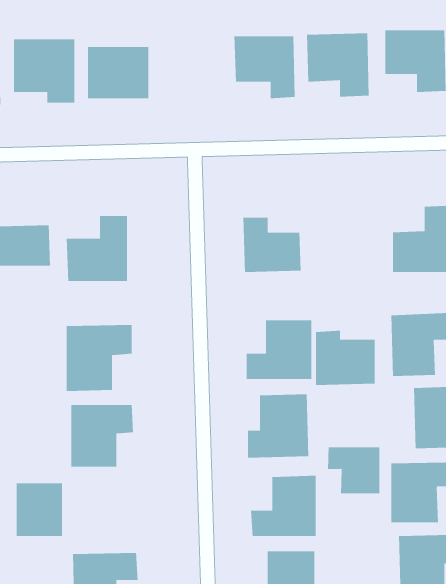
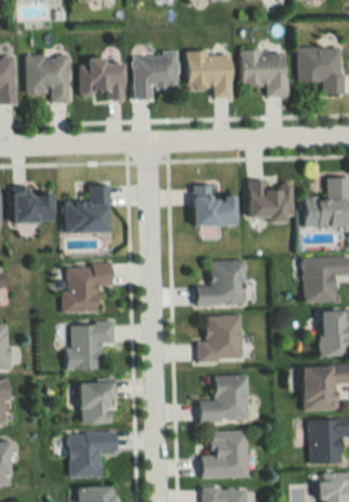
building: none -> [133,53,178,99]
building: [315,330,375,386] -> [249,180,294,221]
building: [327,446,380,494] -> none
building: [16,483,63,537] -> [80,381,114,421]

